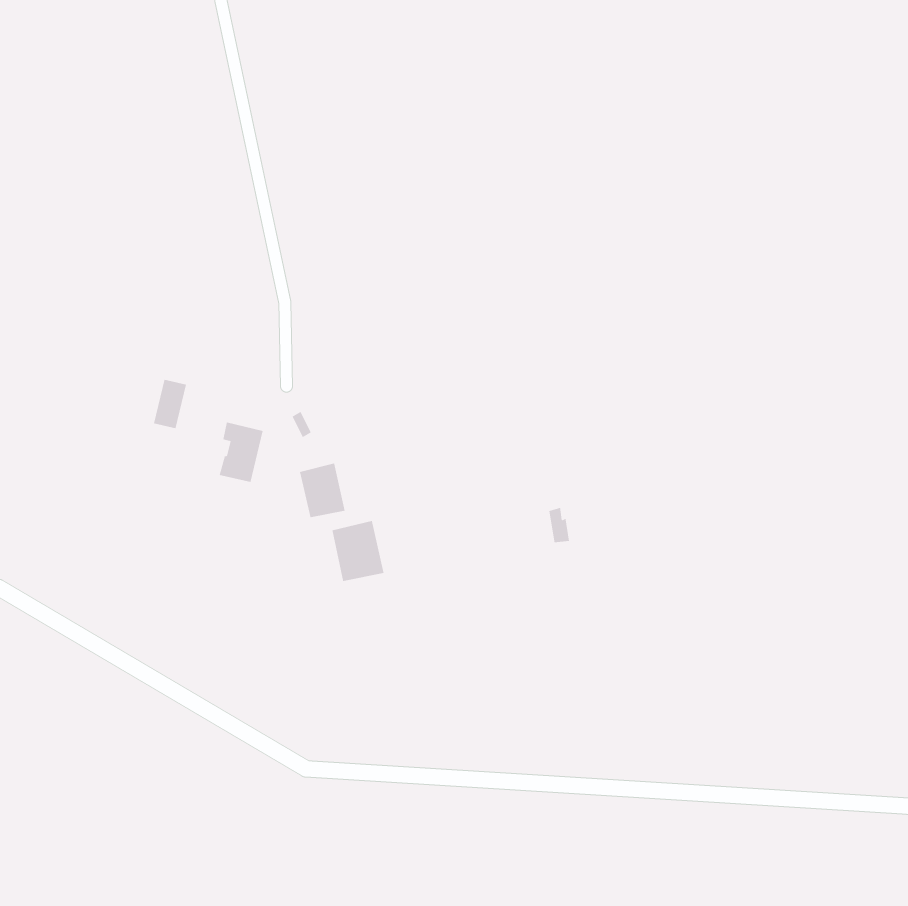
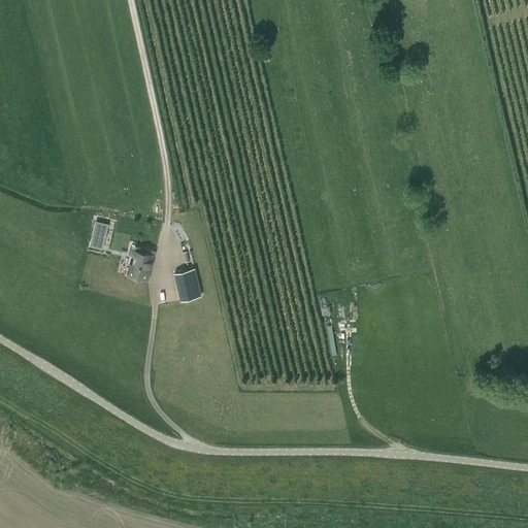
building: [332,520,384,582] -> none

